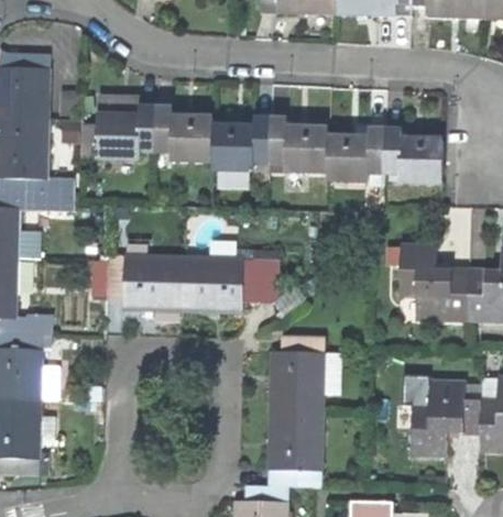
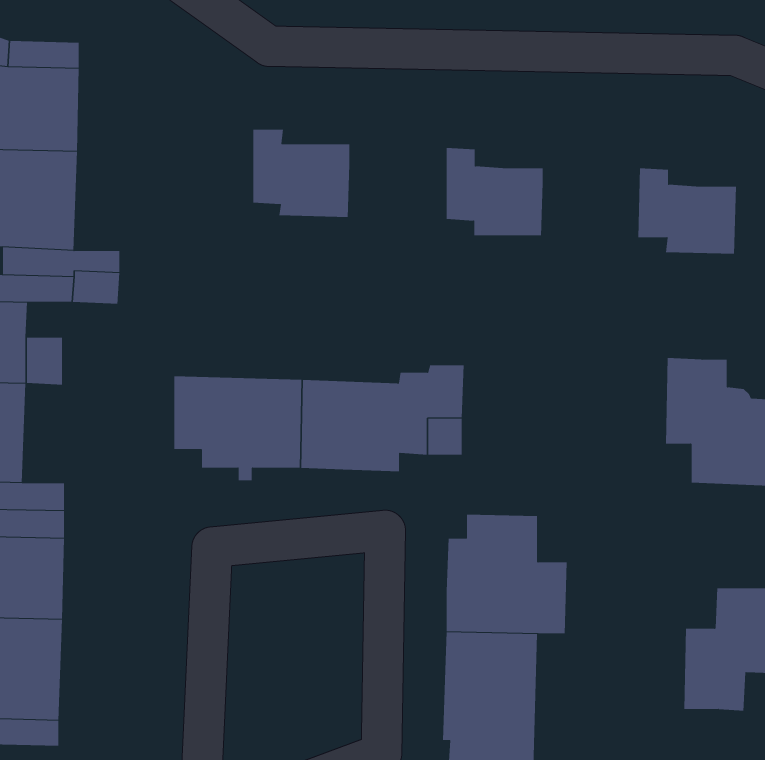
building: [95,96,153,158] -> none
building: [210,118,269,169] -> none
building: [326,130,384,180] -> none

